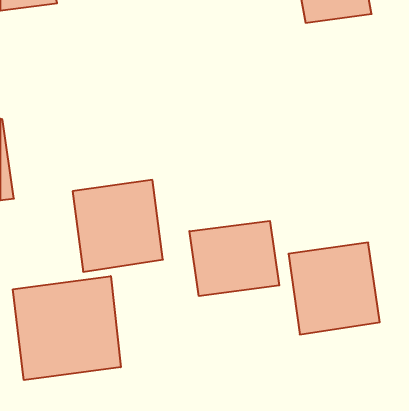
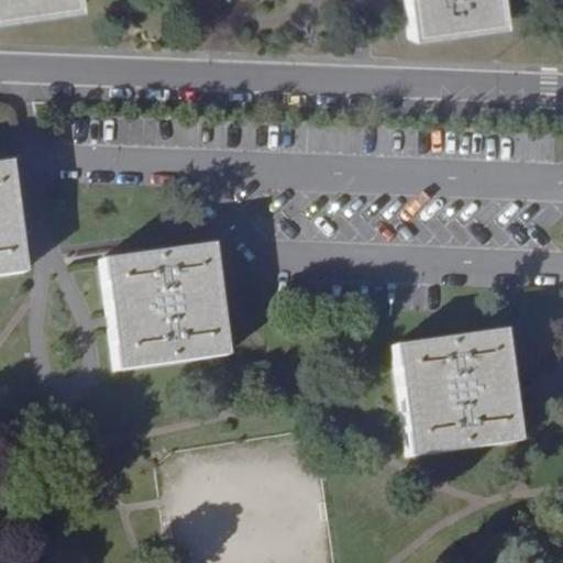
building: [189,221,279,296] -> none
building: [13,276,121,380] -> none

